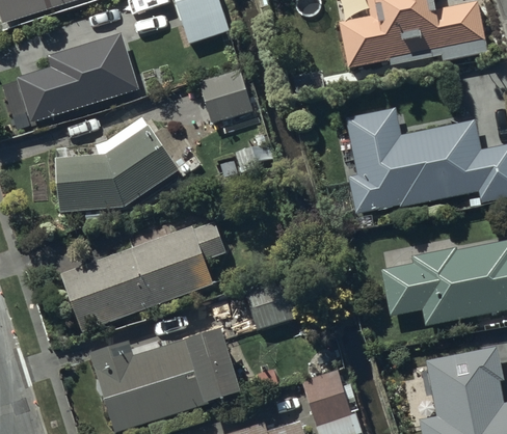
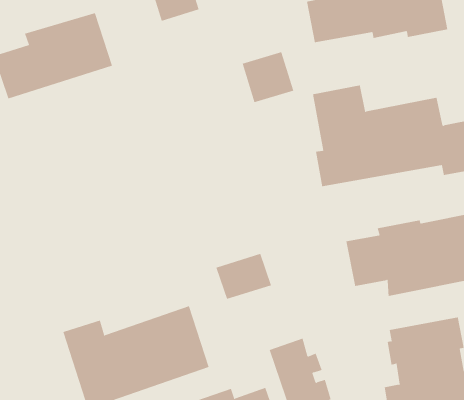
building: [198,70,252,123] -> [242,51,294,103]
building: [58,117,179,211] -> none
building: [61,217,236,331] -> none

